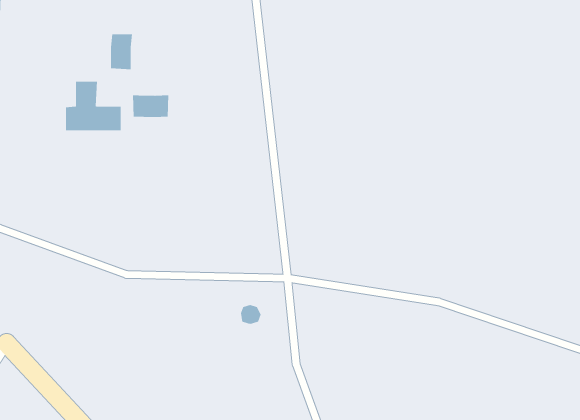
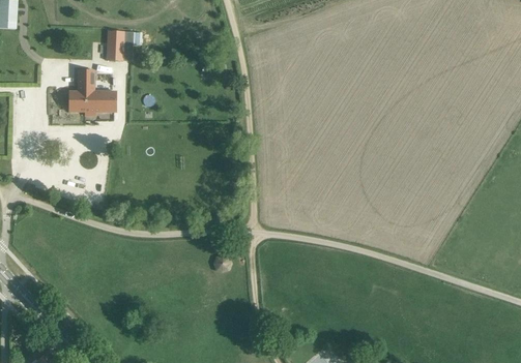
building: [132,94,169,118] -> none

